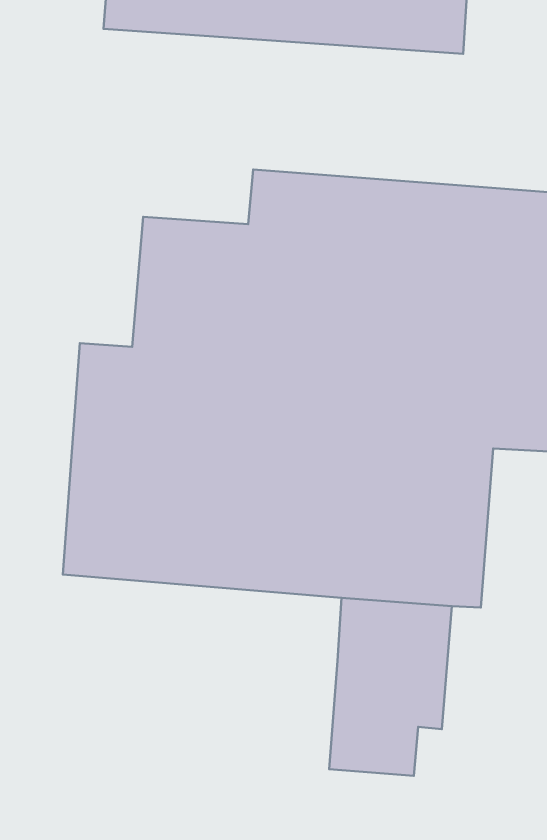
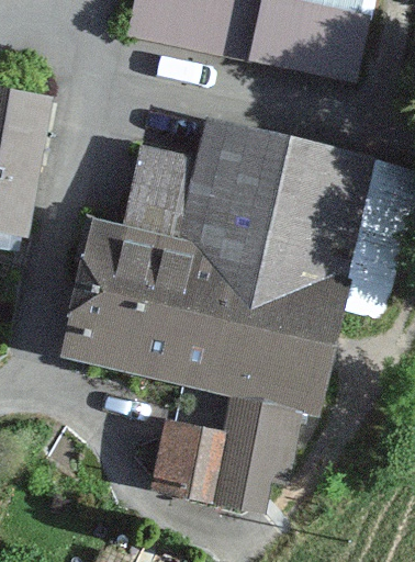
building: none -> [150,422,224,499]

